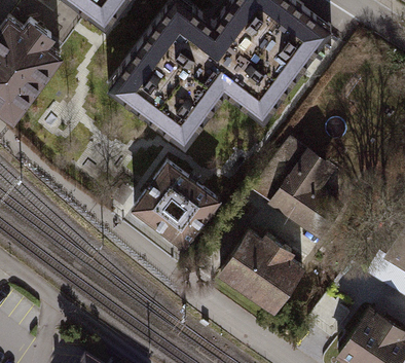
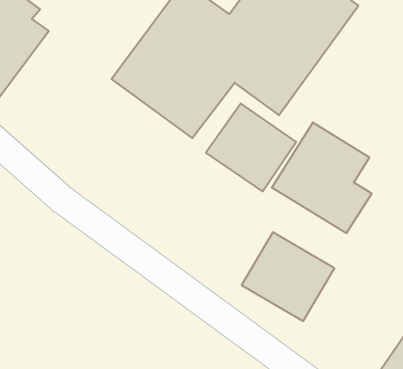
building: [138,166,215,241] -> [206,103,296,191]

